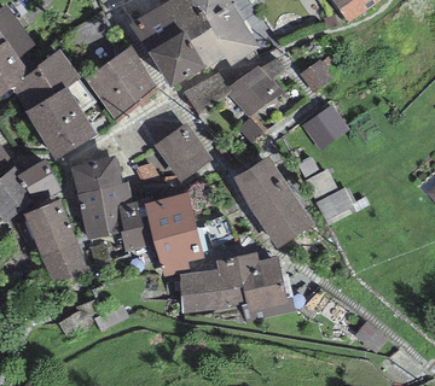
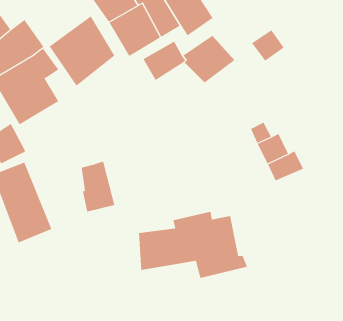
building: [301,105,349,151] -> none
building: [153,122,213,183] -> none
building: [70,156,132,240] -> none
building: [232,156,314,247] -> none
building: [144,192,203,276] -> none

